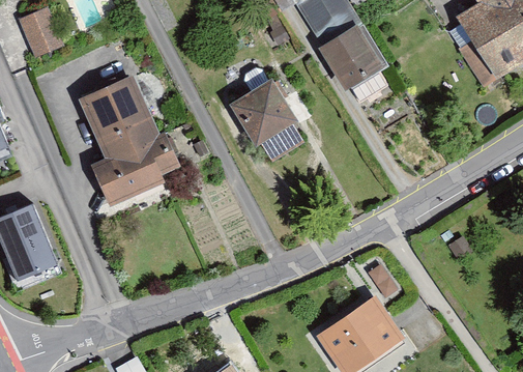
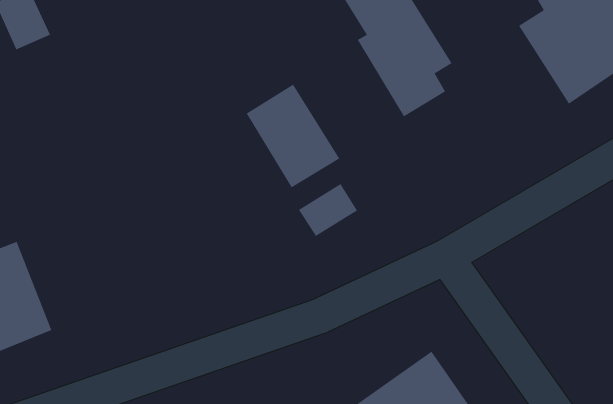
building: [74,71,173,204] -> none
building: none -> [298,183,358,237]

